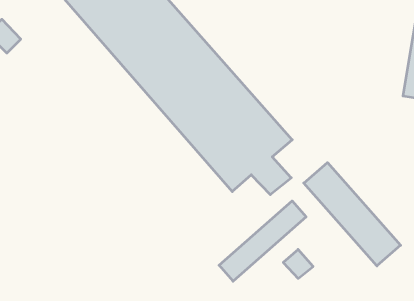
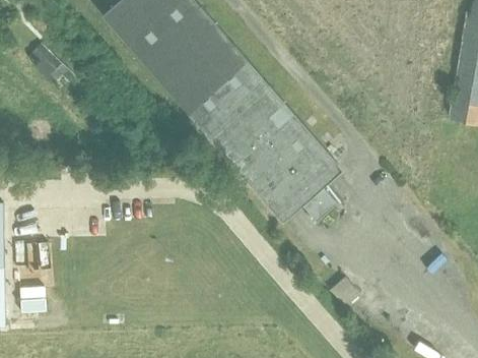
building: [304,163,401,266] -> none
building: [219,201,306,281] -> none

